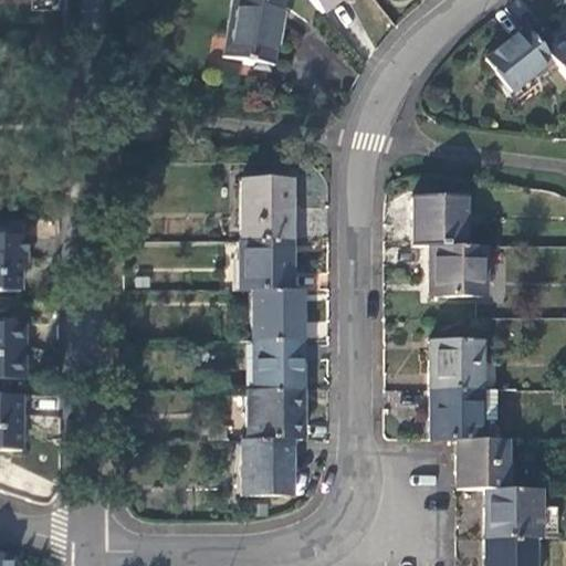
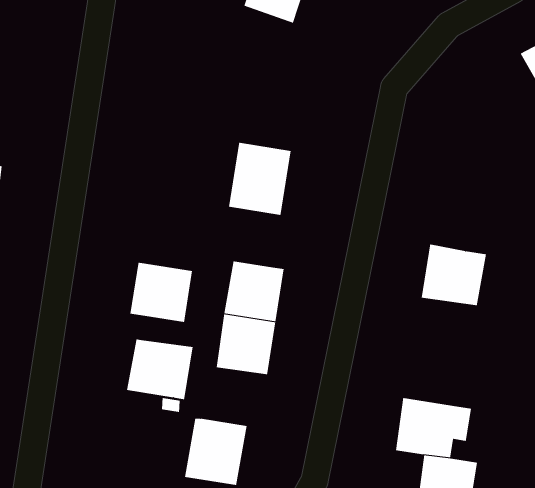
building: [416,196,467,245] -> none
building: [240,240,292,289] -> [130,262,193,323]
building: [430,340,483,389] -> none
building: [248,388,303,438] -> [126,339,193,400]

